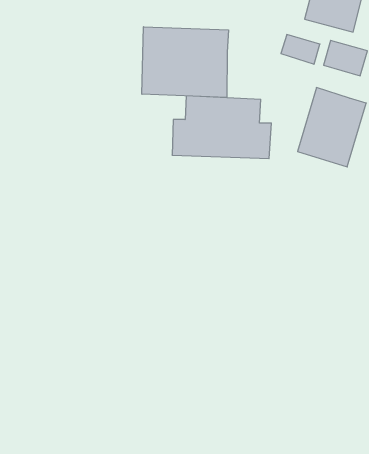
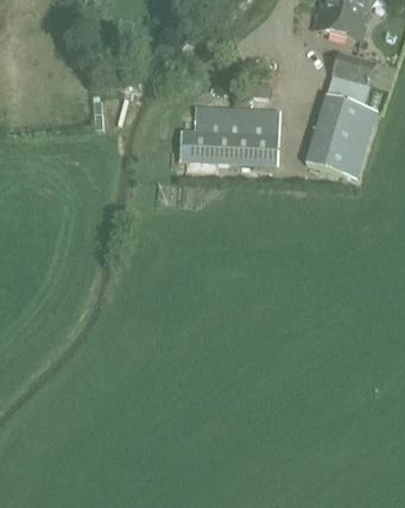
building: [142,27,228,97] -> none
building: [281,35,320,64] -> [325,76,365,106]

